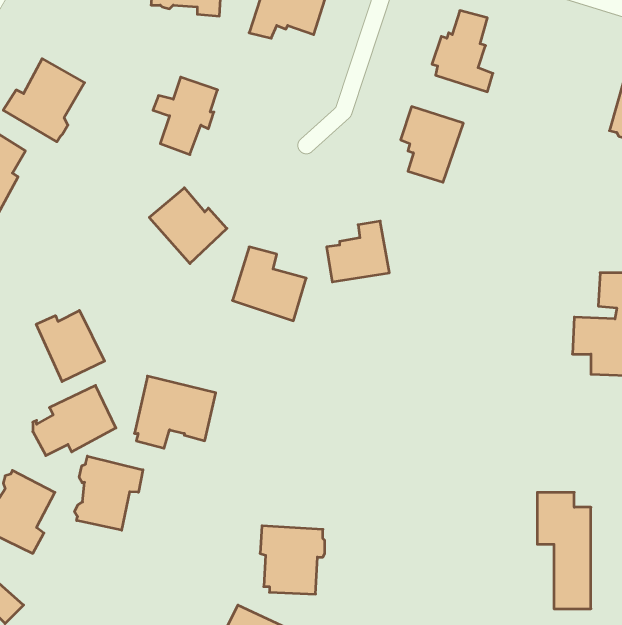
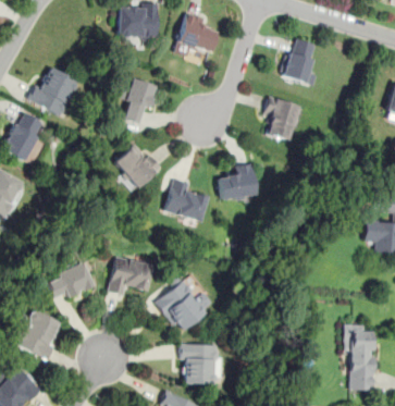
building: [36,310,105,382] -> none
building: none -> [156,281,212,331]
building: [75,456,143,530] -> none

